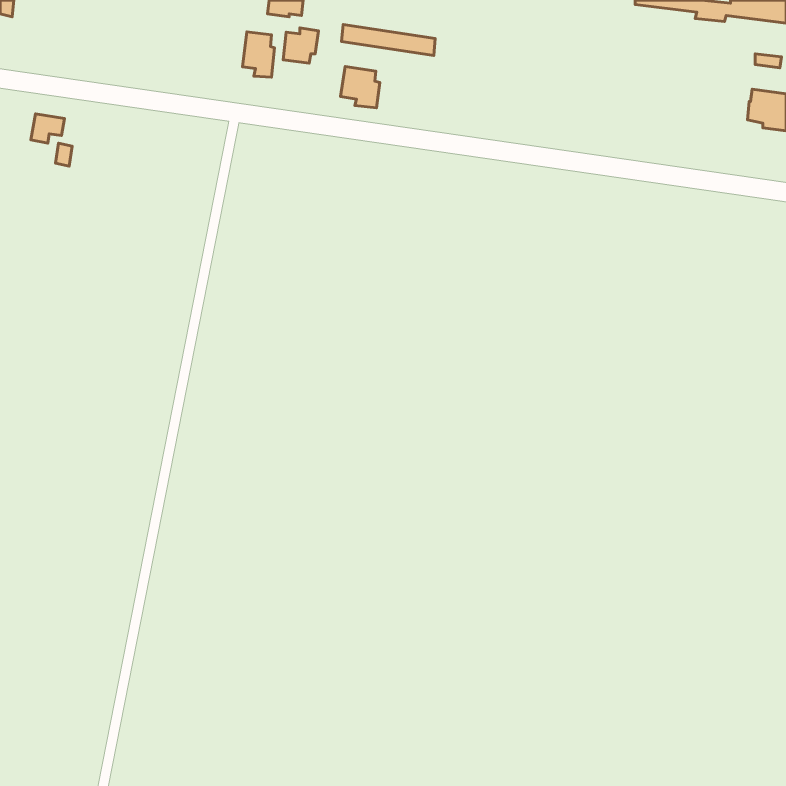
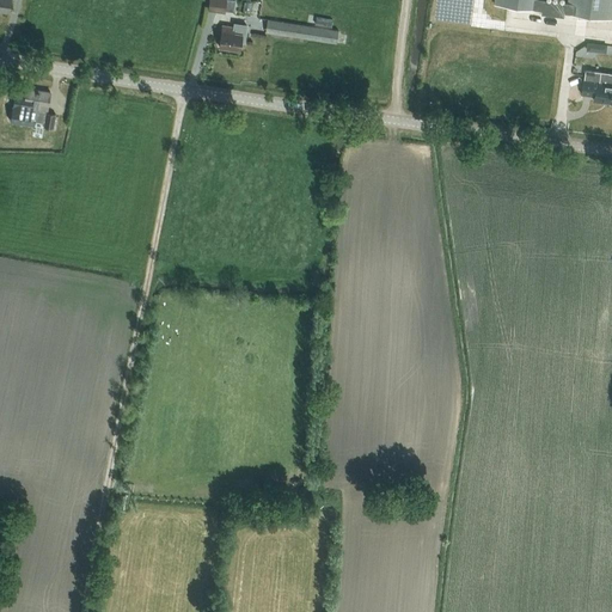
building: [242,32,275,77] -> none
building: [341,66,380,108] -> none

